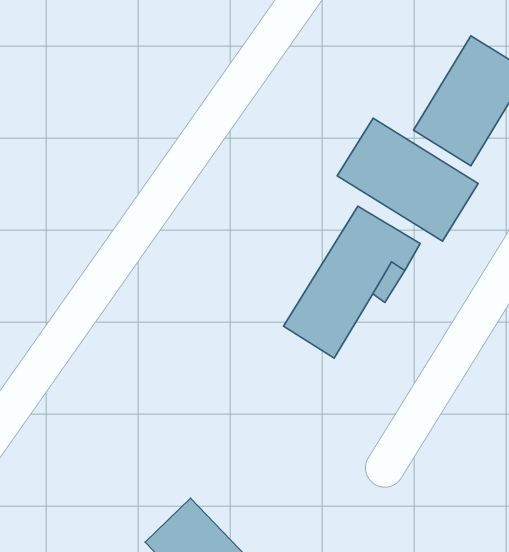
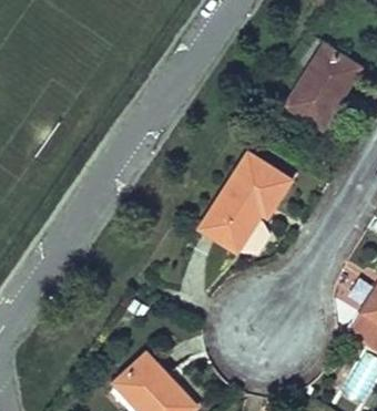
building: [337,118,478,241] -> none

